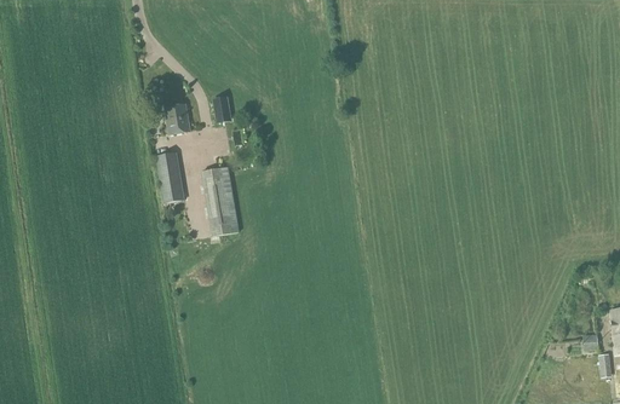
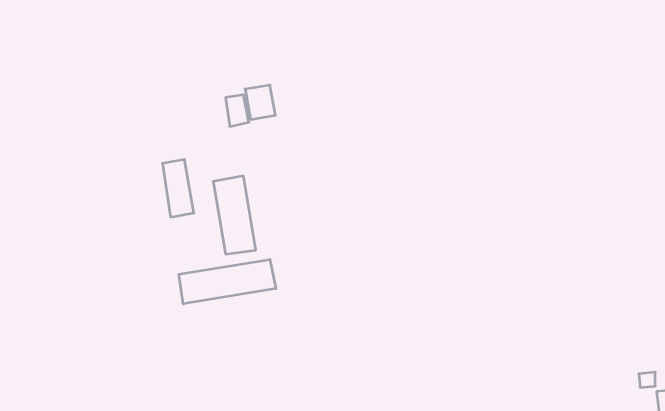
building: [163,103,190,133] -> [245,85,275,119]
building: none -> [179,259,276,304]

